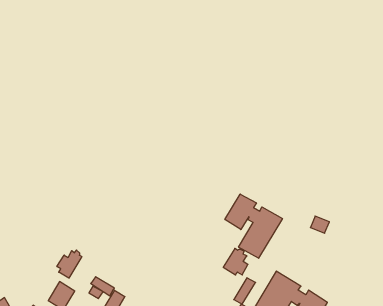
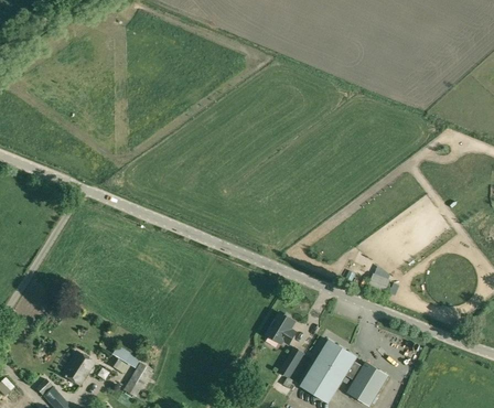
building: [225,194,282,258] -> none
building: [57,250,82,278] -> none

